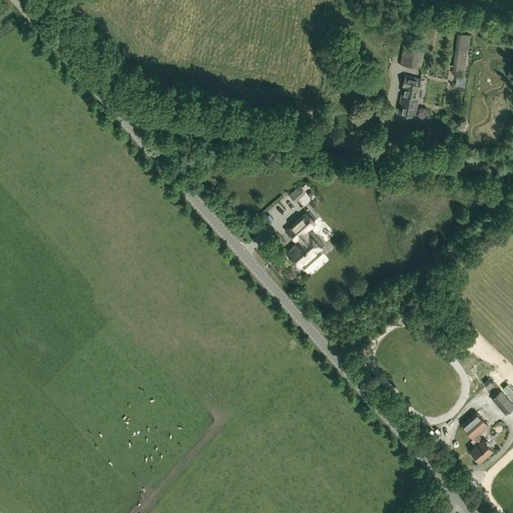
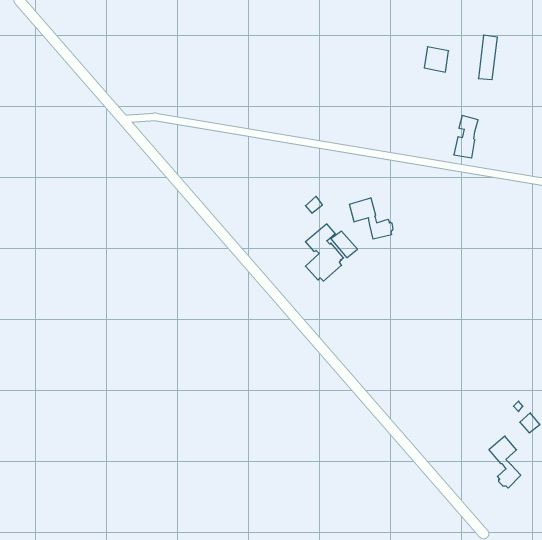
building: [398,77,421,117] -> [454,115,478,158]
building: none -> [349,198,393,239]

